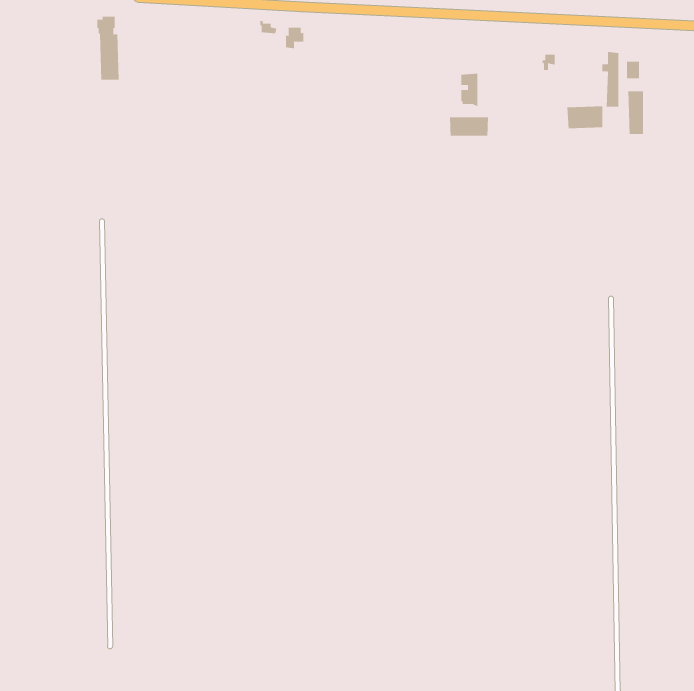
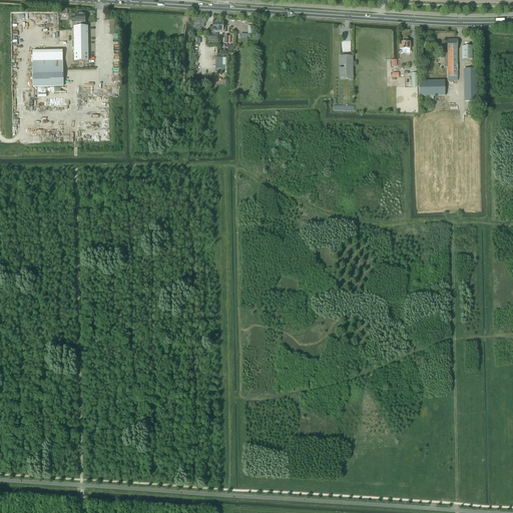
building: none -> [32,60,63,85]
building: [449,117,488,137] -> none

